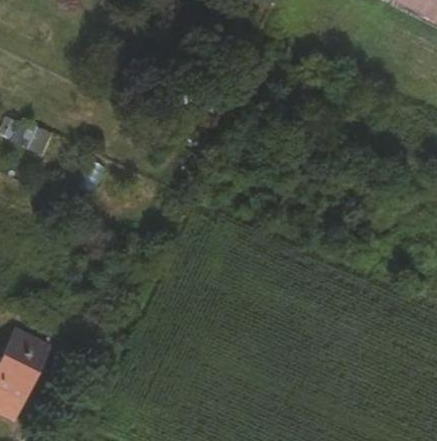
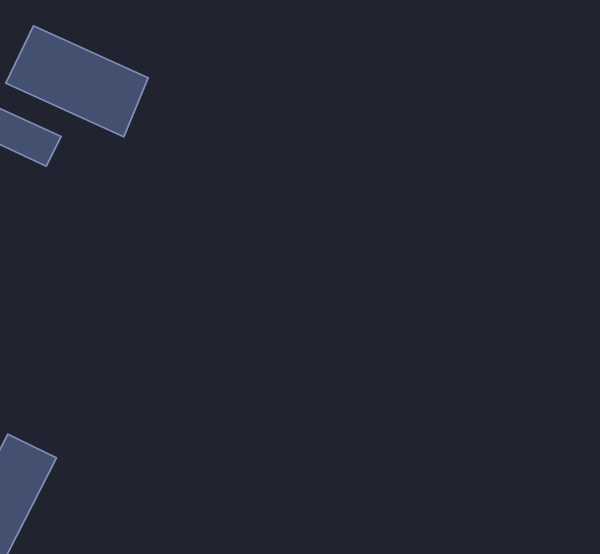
building: none -> [6,26,148,137]

